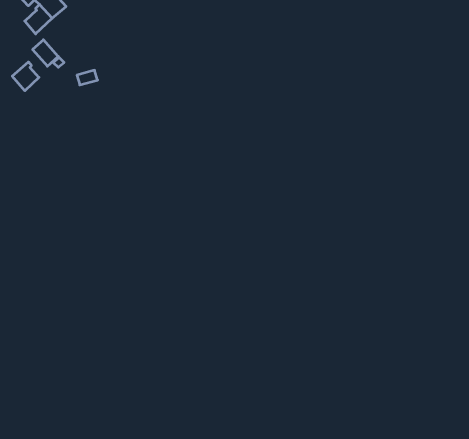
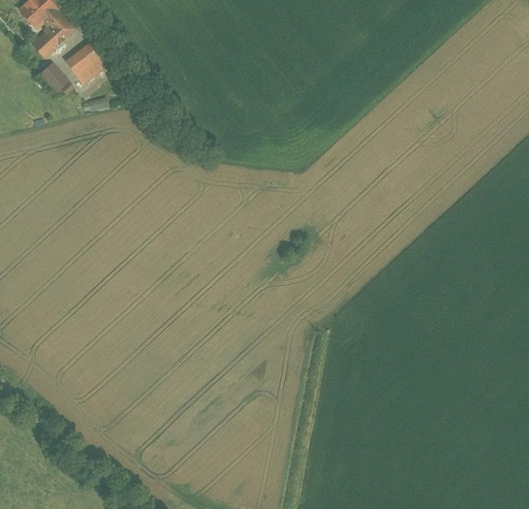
building: none -> [67,42,105,78]
building: [12,62,39,91] -> none

